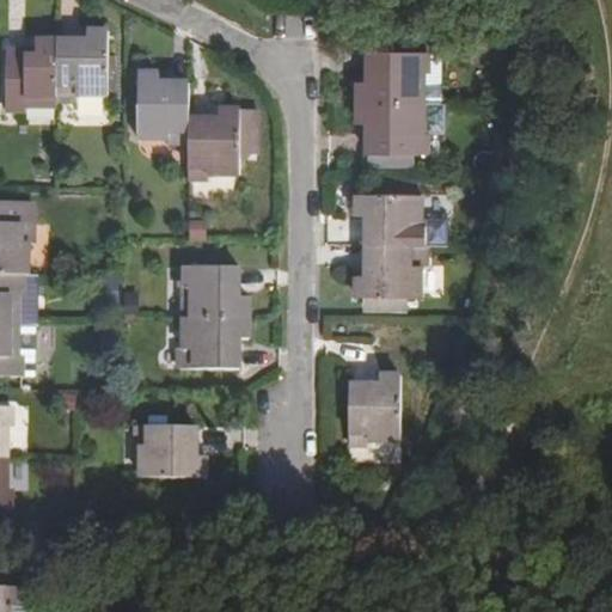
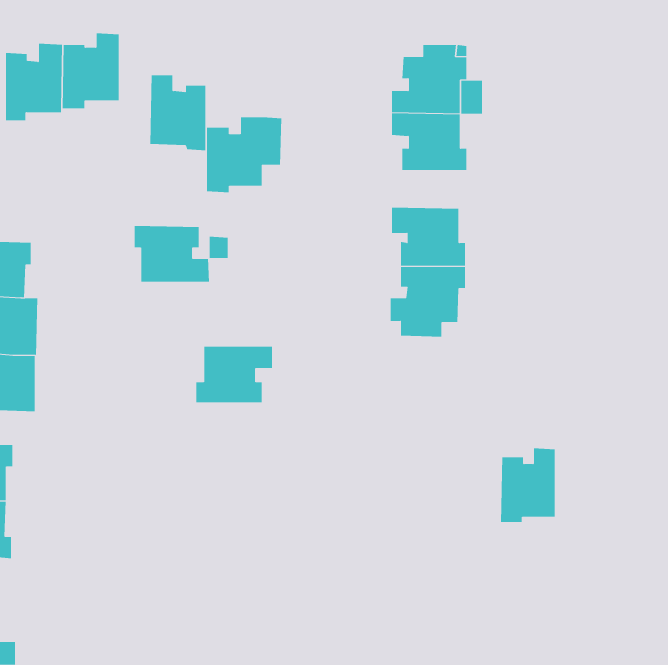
building: [179,264,249,316] -> [134,226,210,282]
building: [348,374,398,442] -> [500,448,555,523]
building: [136,427,203,479] -> none

